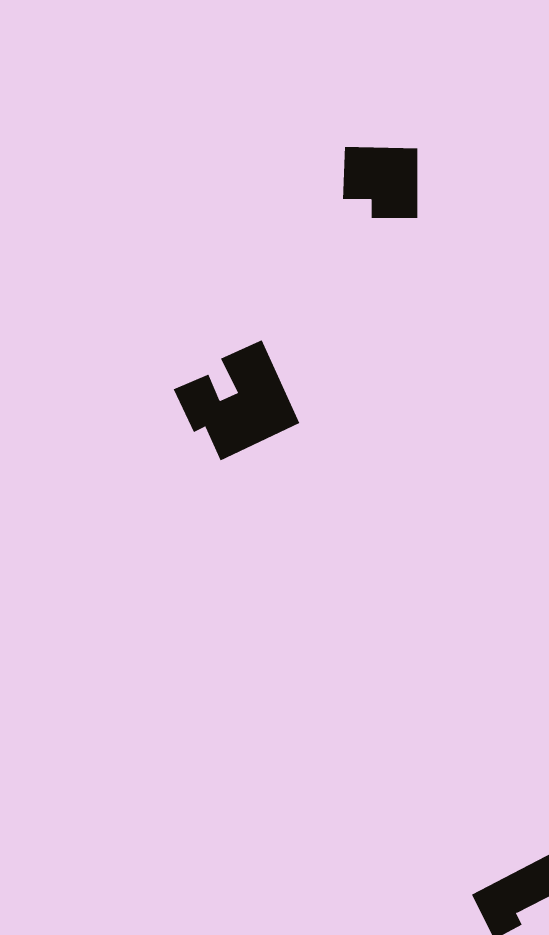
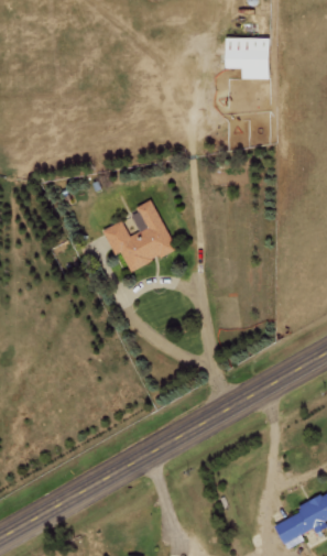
building: [342,146,418,219] -> [227,37,271,79]

